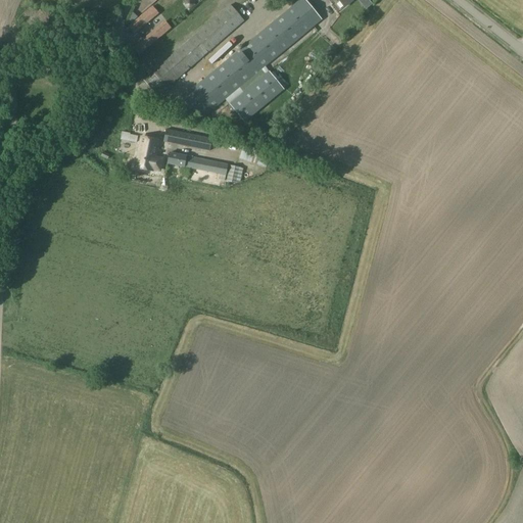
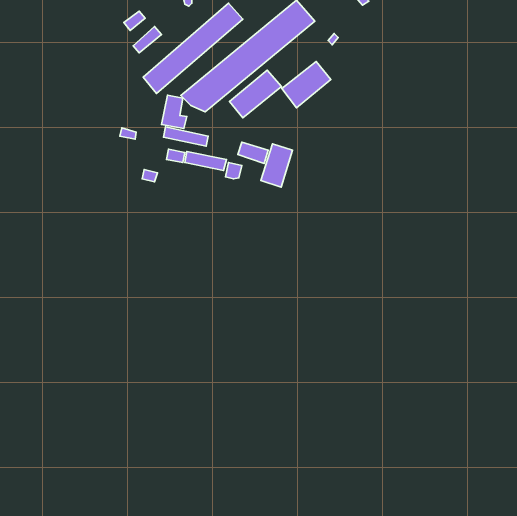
building: none -> [282,61,331,108]
building: [138,135,163,169] -> [161,95,187,129]
building: none -> [261,144,292,187]

